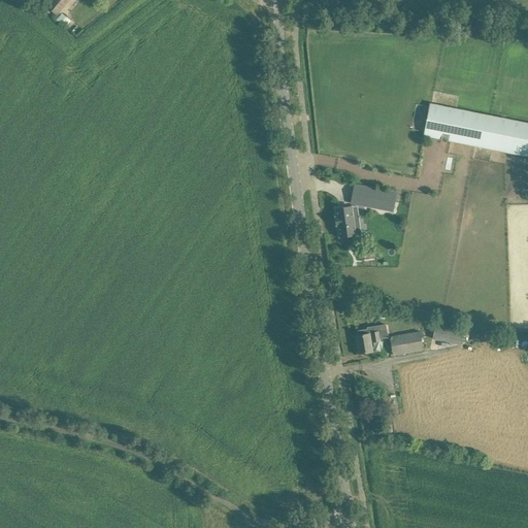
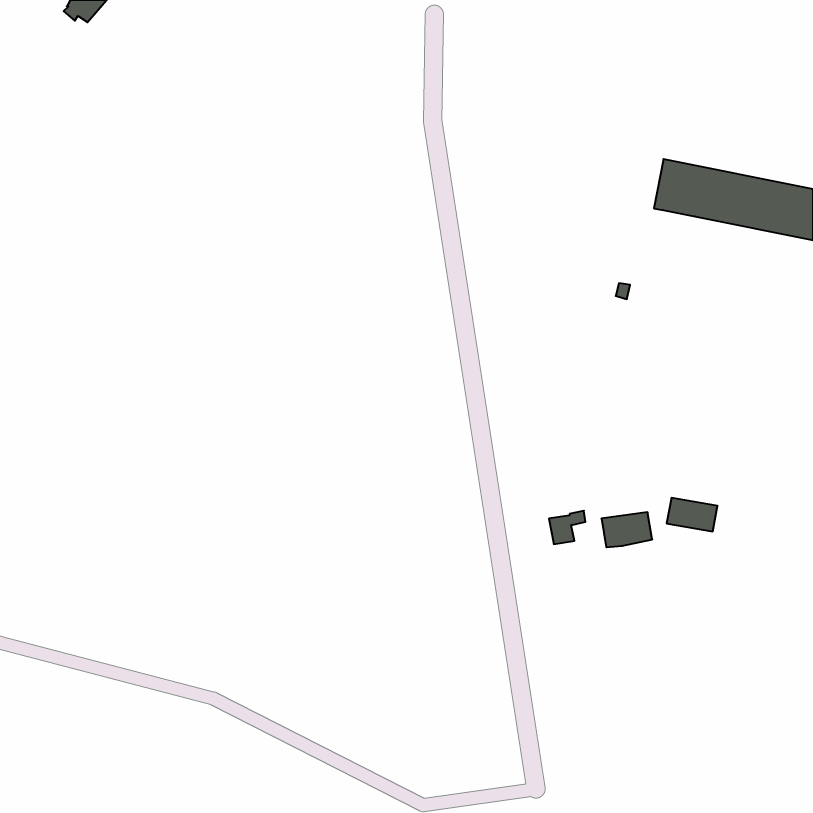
building: [365,188,396,210] -> none
building: [335,206,359,236] -> none

